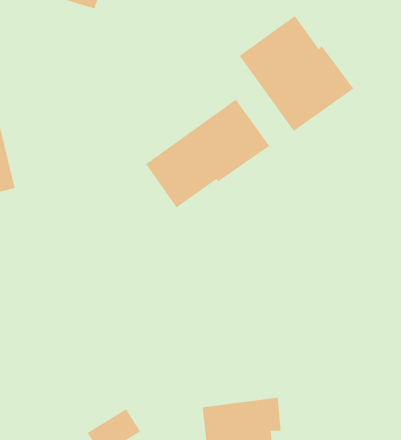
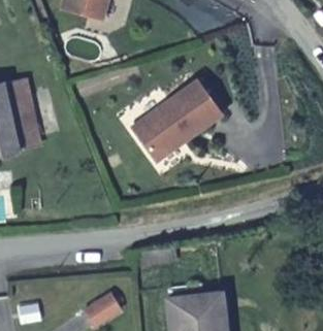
building: [239,15,354,132] -> none

